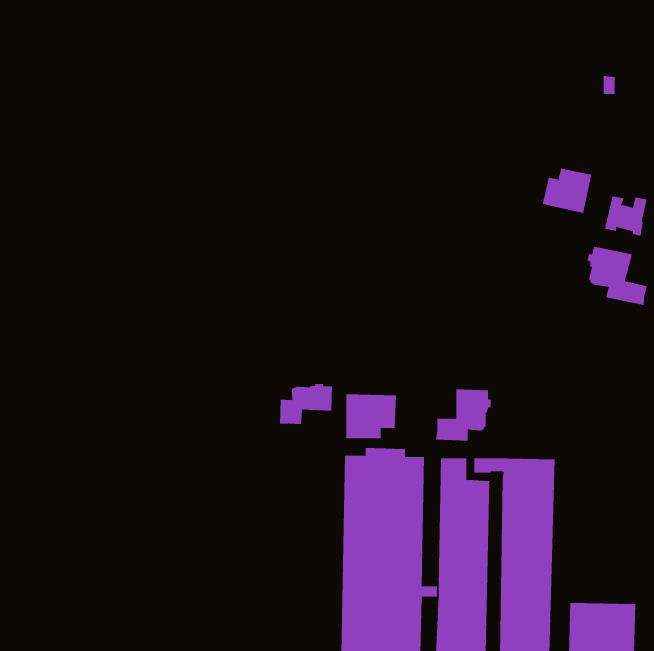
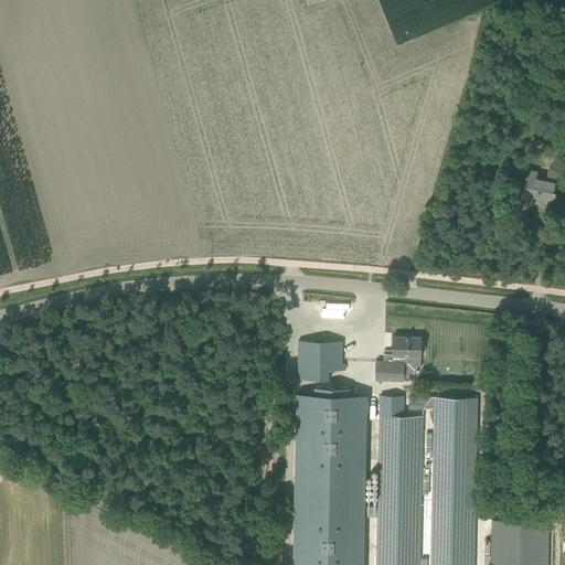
building: [542,168,592,214] -> none
building: [587,246,648,306] -> none
building: [280,383,332,425] -> none

